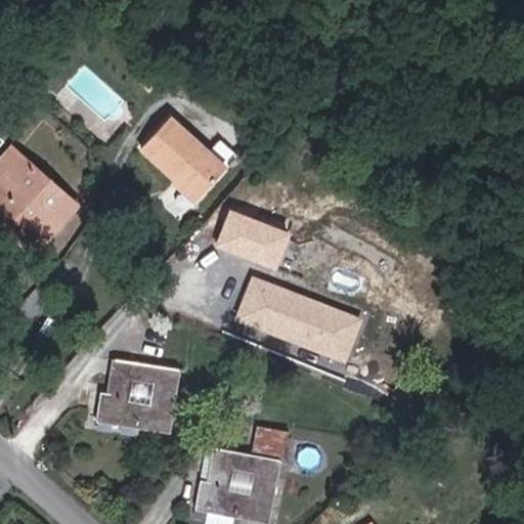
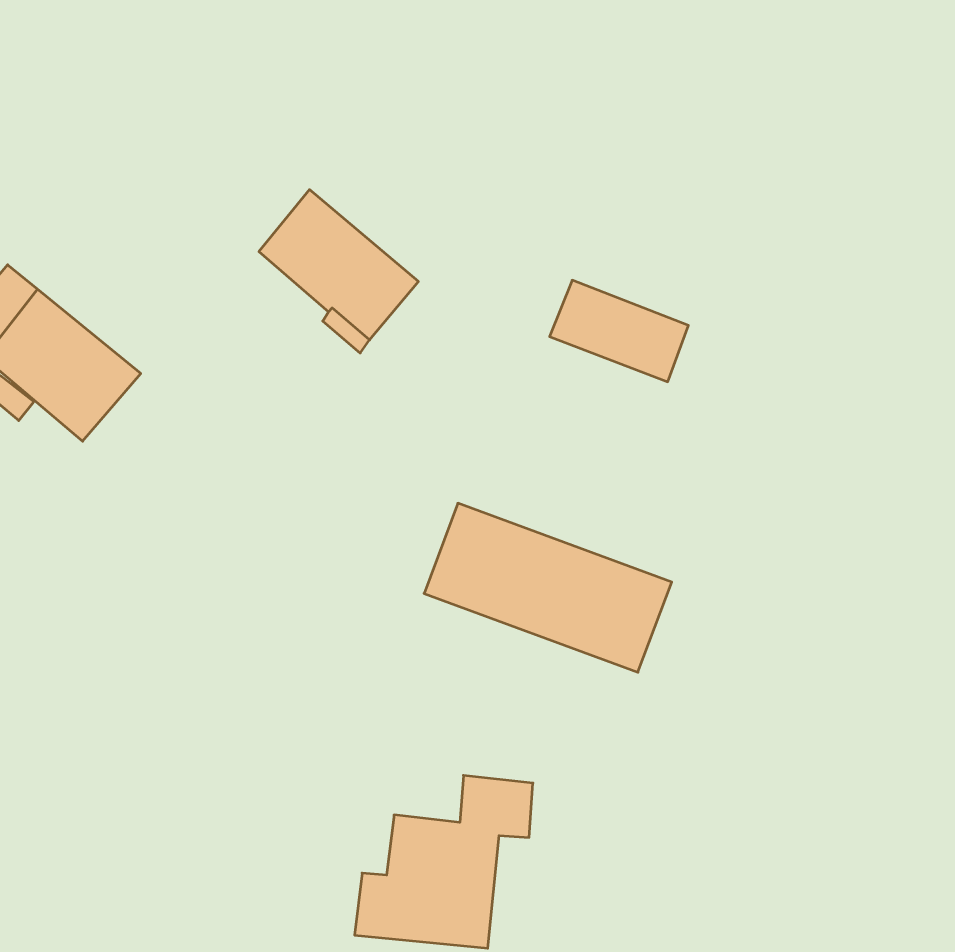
building: [212,213,288,268] -> [550,280,688,382]
building: [100,361,186,434] -> none

